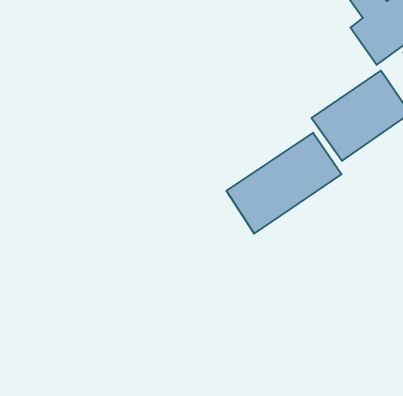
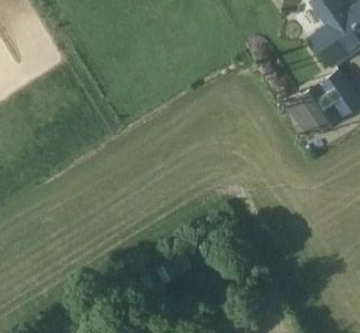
building: [227,133,342,234] -> none

